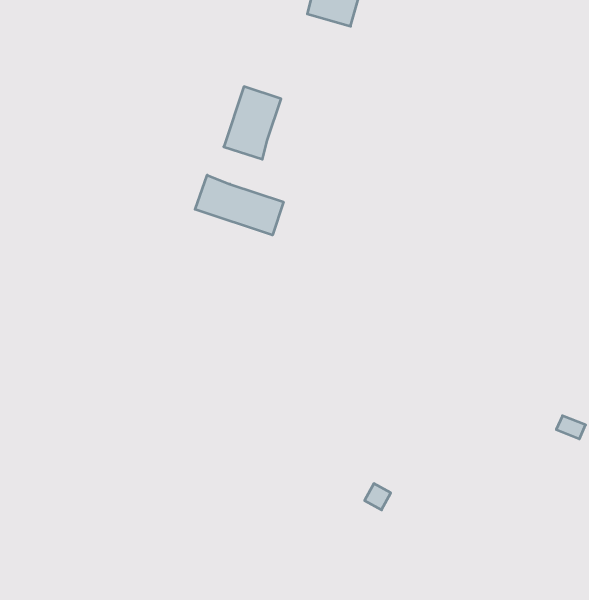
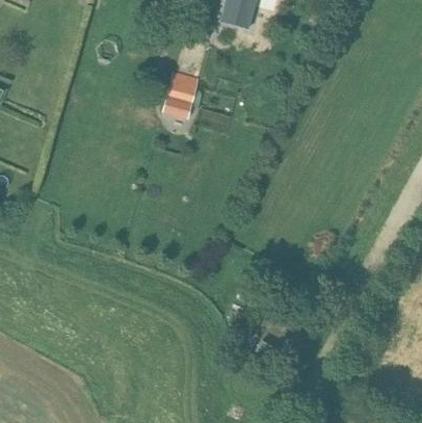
building: [195,175,283,235] -> none

